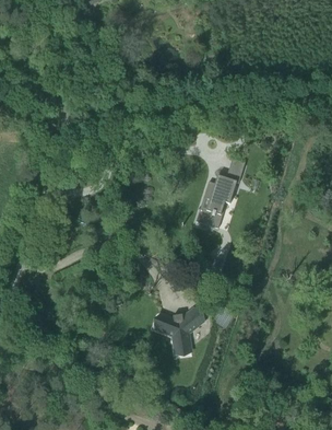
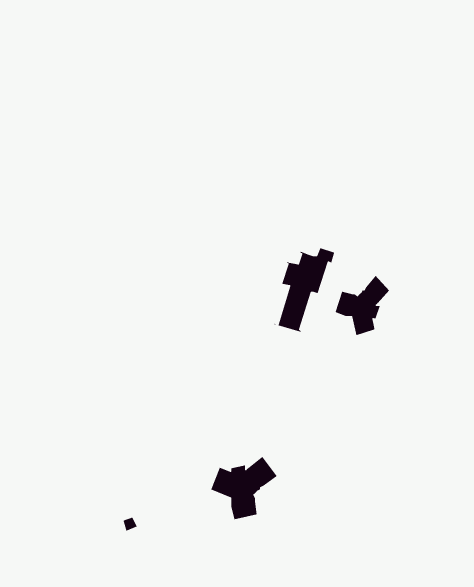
building: none -> [334,275,390,336]

